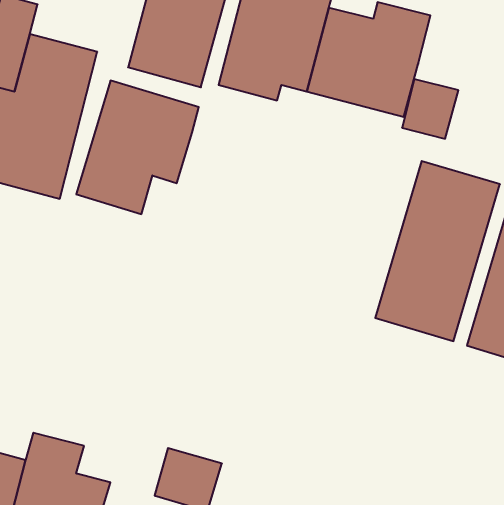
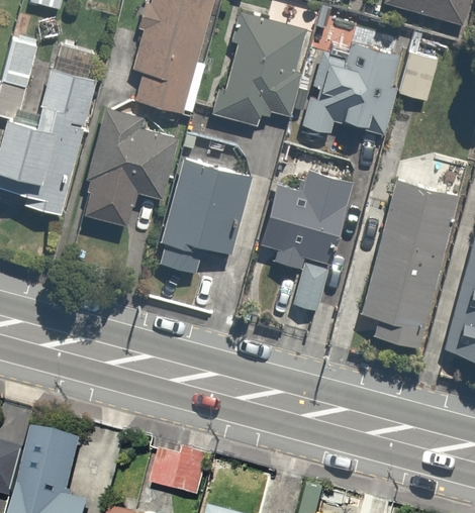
building: [402,79,458,139] -> [390,48,442,103]
building: none -> [153,156,254,272]
building: none -> [259,171,356,313]

